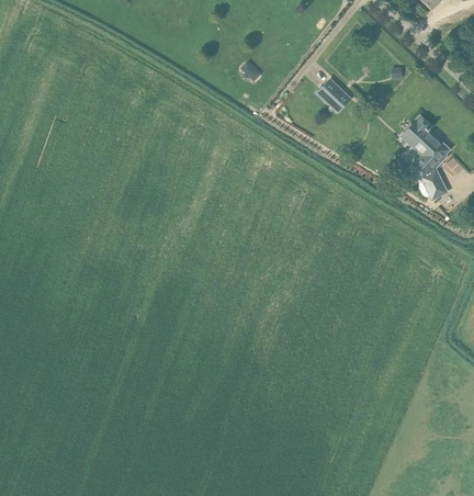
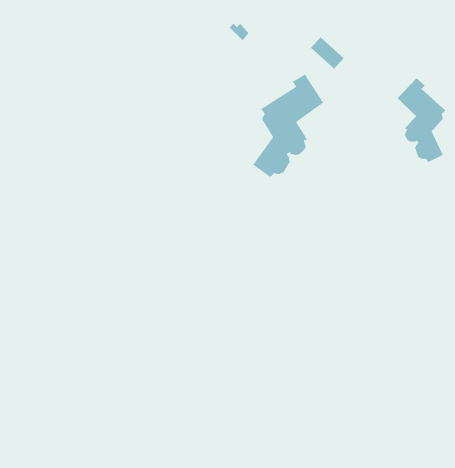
building: none -> [252,73,324,178]

